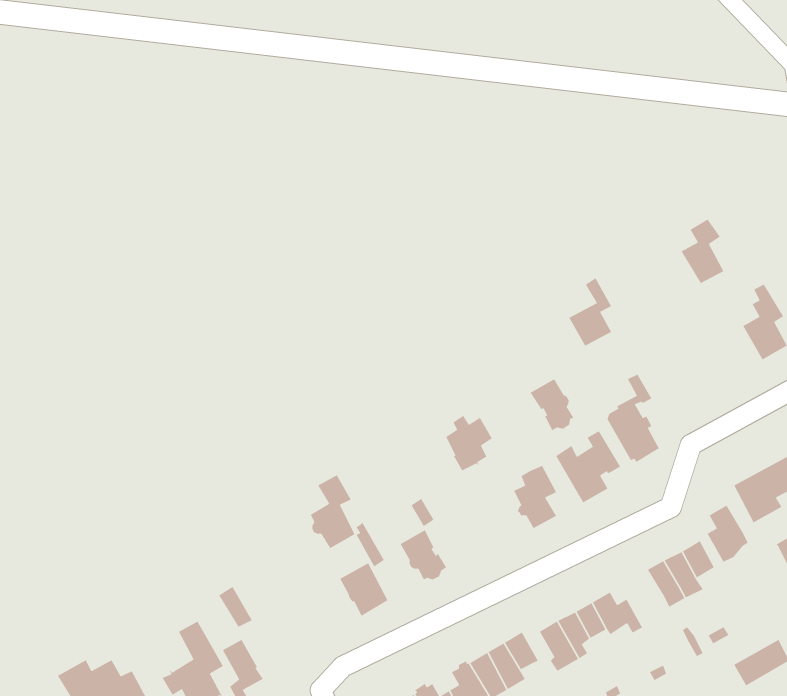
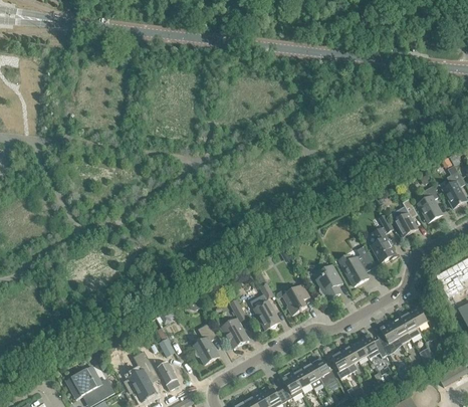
building: [680,218,724,284] -> [418,186,442,222]
building: [568,277,612,347] -> [394,199,418,237]
building: [530,378,577,431] -> none
building: [445,415,493,472] -> [283,283,309,315]
building: [310,474,356,549] -> [194,324,219,365]
building: [707,504,749,563] -> [379,323,402,355]

